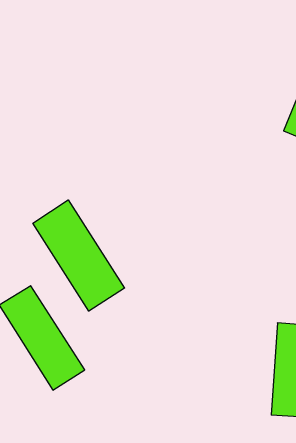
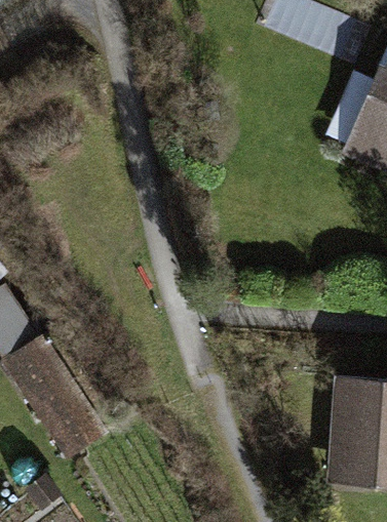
building: [33,200,125,311] -> none

